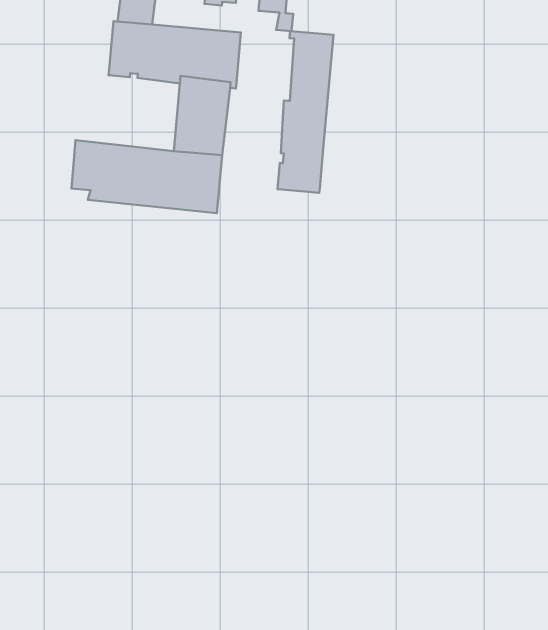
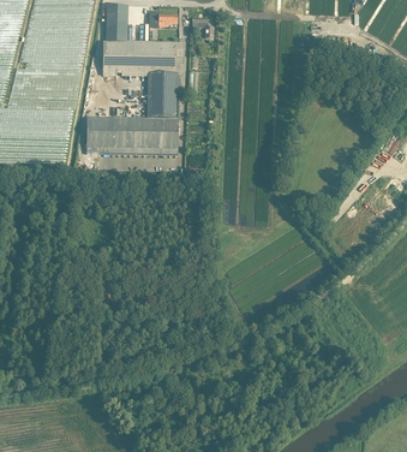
building: [278,31,333,193] -> none

